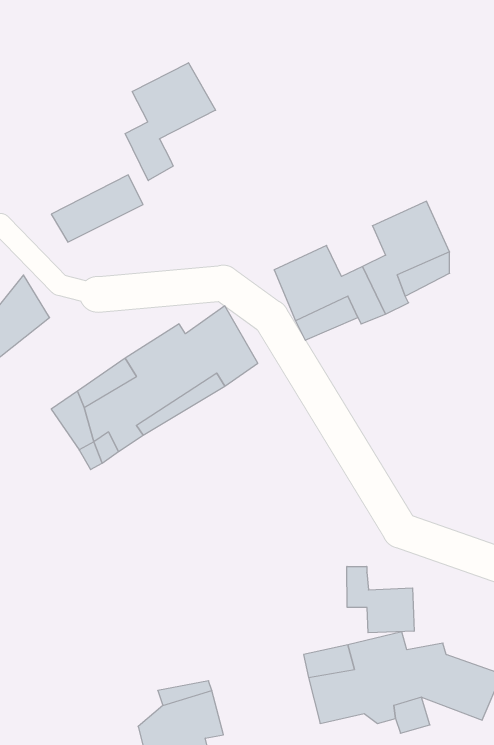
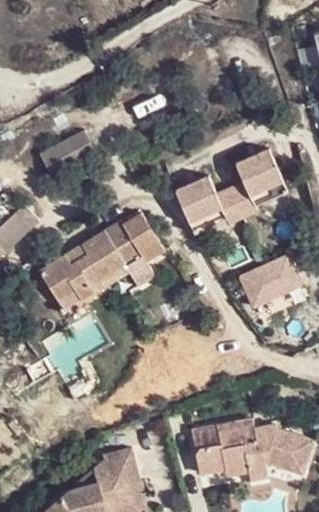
building: [125,63,216,181] -> none
building: none -> [238,257,300,310]
building: [347,566,414,633] -> none

